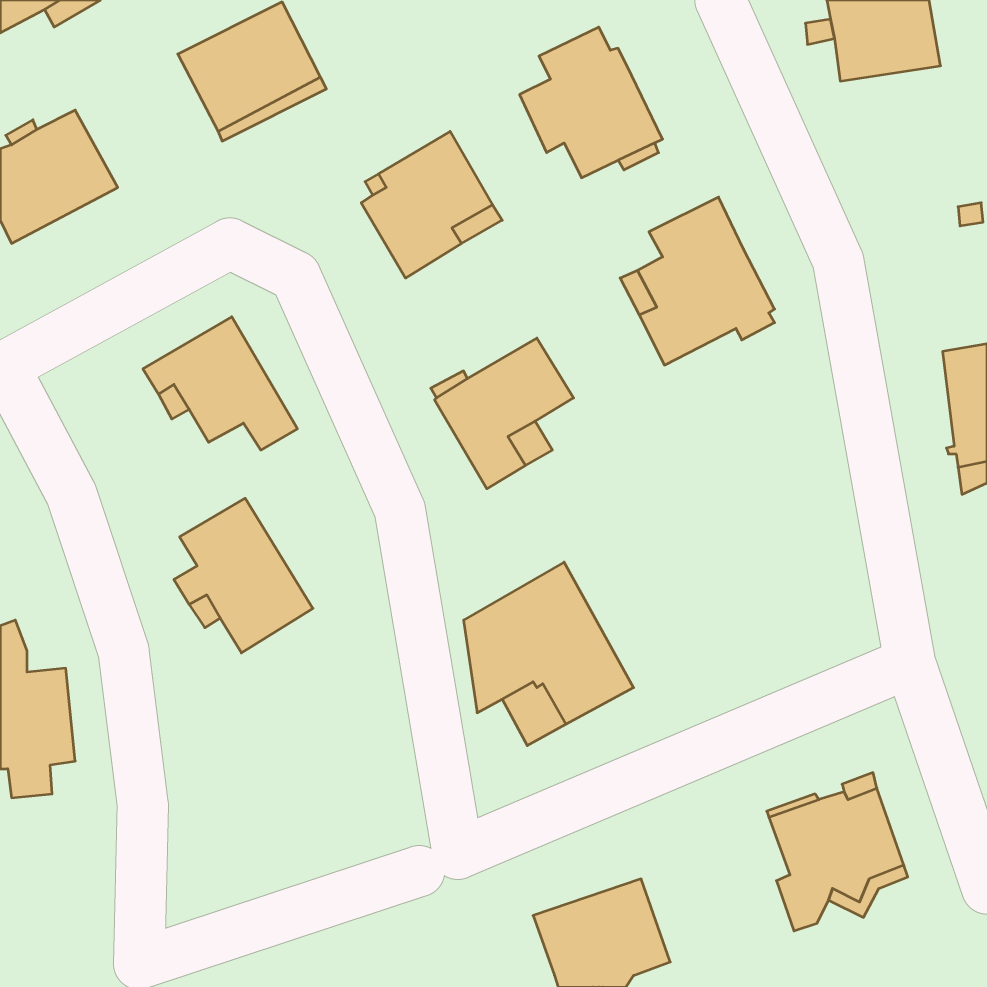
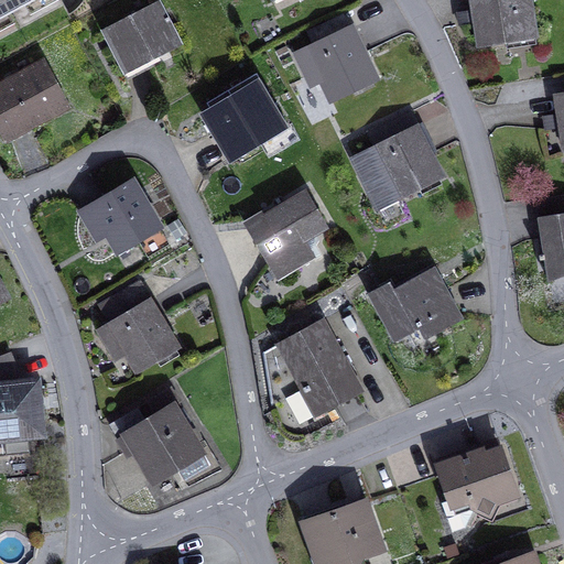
building: none -> [368,268,464,341]
building: none -> [110,389,209,480]

